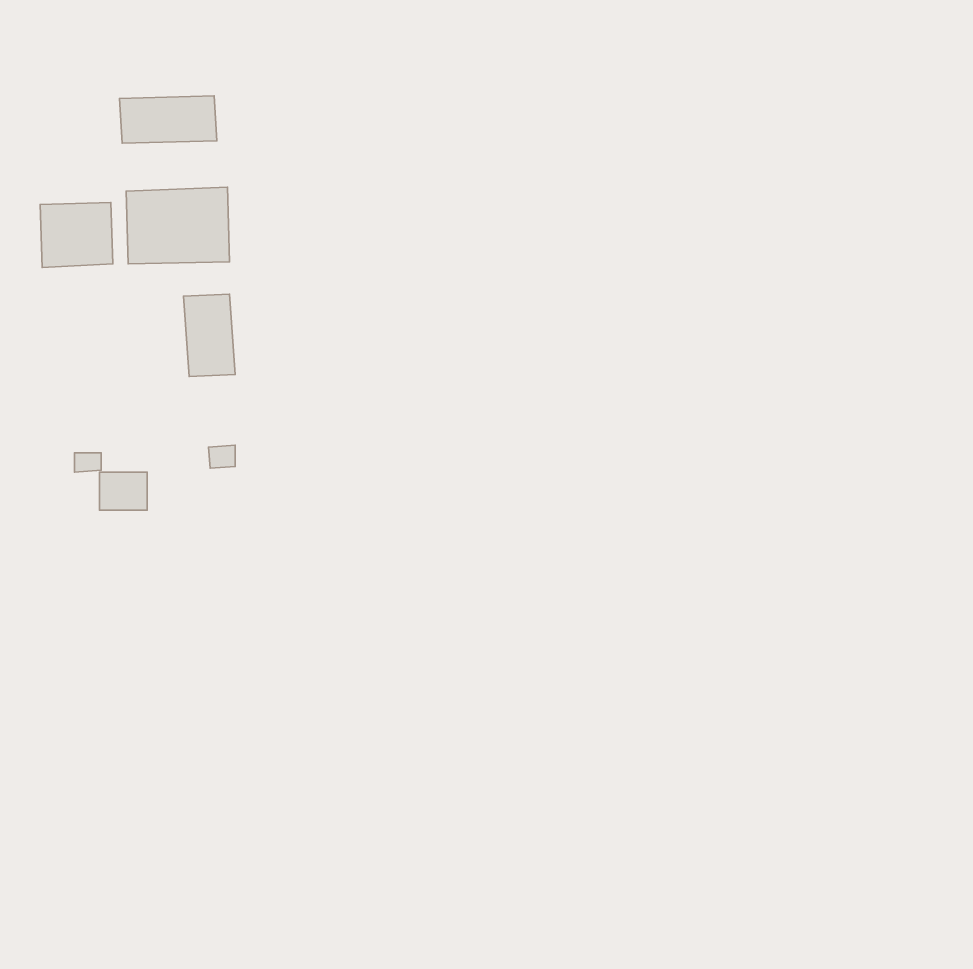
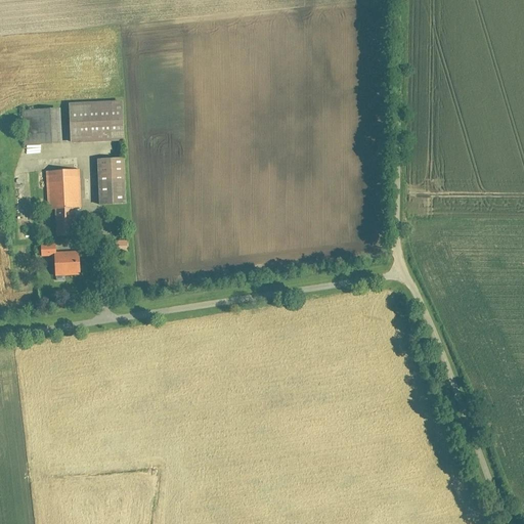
building: [119,96,217,143] -> none
building: none -> [45,167,78,234]

